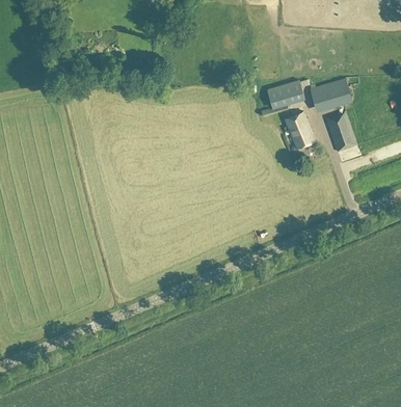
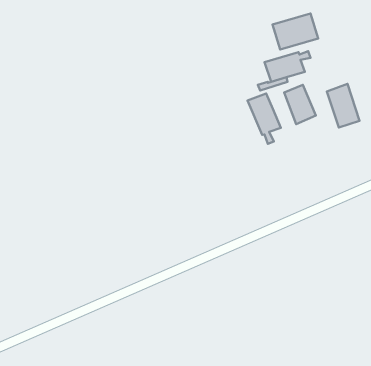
building: [308,78,351,112] -> [272,14,318,49]
building: none -> [247,93,281,144]

